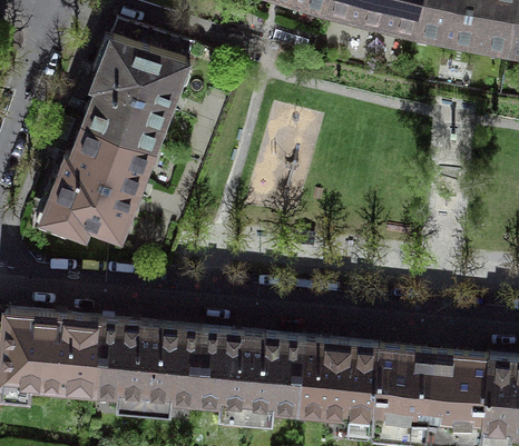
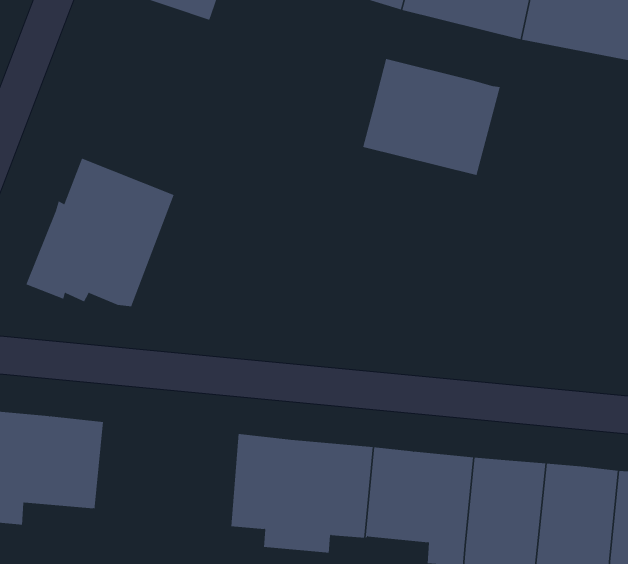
building: [82,21,193,150] -> none
building: none -> [362,58,500,176]
building: [92,321,200,412] -> none

